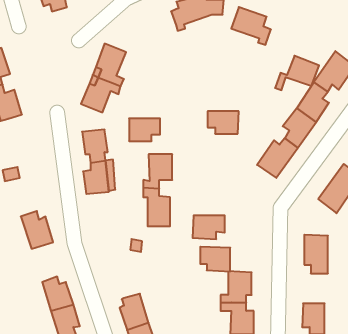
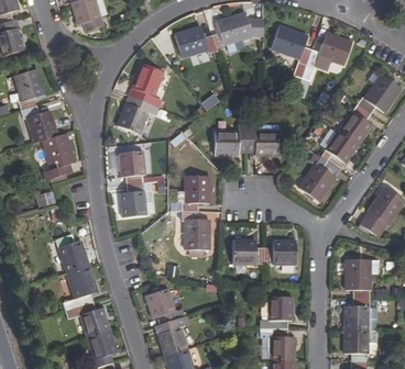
building: none -> [174,26,216,56]
building: [275,56,319,90] -> [306,32,351,67]
building: none -> [42,134,73,179]
building: [129,118,160,141] -> [215,133,247,156]
building: none -> [66,267,96,308]
building: [200,247,230,271] -> [264,239,295,265]
building: none -> [144,289,177,324]
building: none -> [344,299,370,329]

